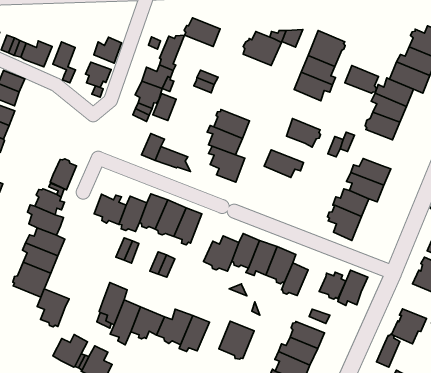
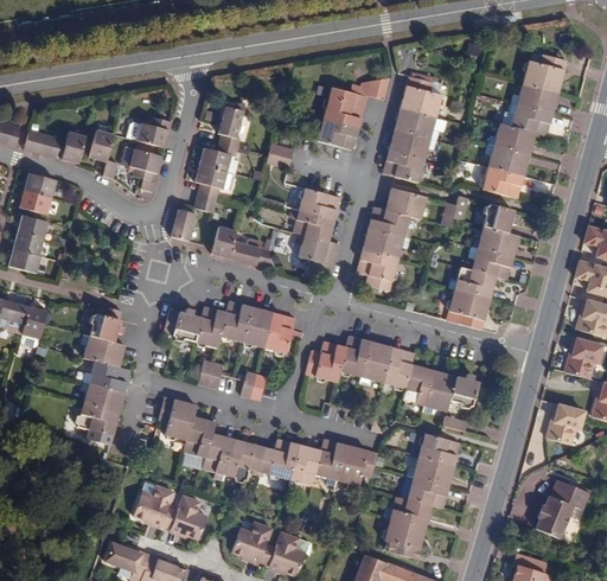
building: [184,18,220,46] -> [312,116,356,148]
building: [345,65,379,93] -> [382,152,422,183]
building: [153,93,176,120] -> [171,209,197,241]
building: none -> [369,206,413,240]
building: none -> [483,204,516,231]
building: [50,159,76,190] -> none
building: none -> [357,250,397,290]
building: [338,270,368,306] -> [422,370,455,414]
building: [37,289,69,327] -> [158,397,196,442]
building: none -> [313,438,345,486]
building: [376,334,400,367] -> none

